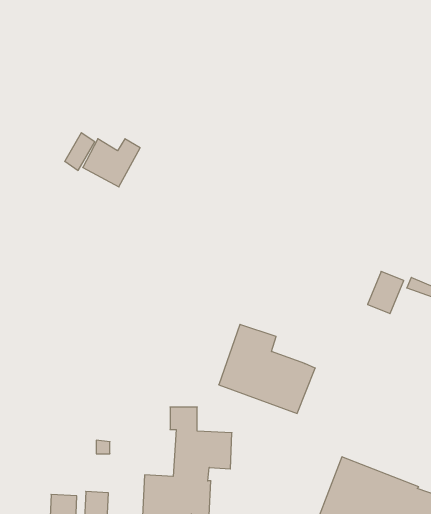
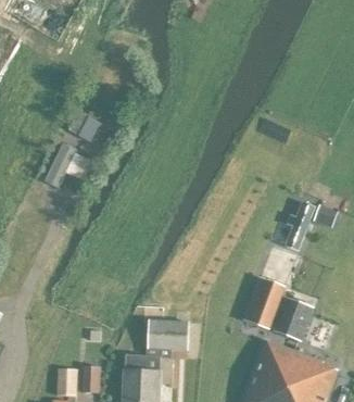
building: none -> [45,143,92,186]
building: [219,324,315,413] -> [243,276,313,340]

